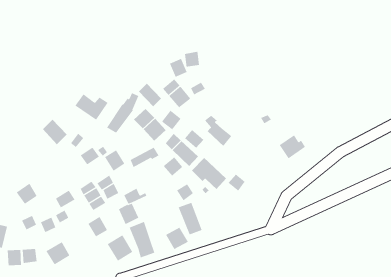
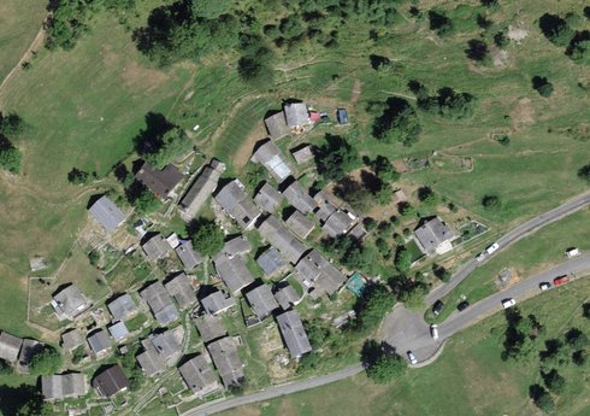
building: [138,83,162,107] -> [284,181,317,215]
building: none -> [217,254,253,292]
building: none -> [137,336,165,375]
building: [165,227,189,250] -> [246,283,278,315]

